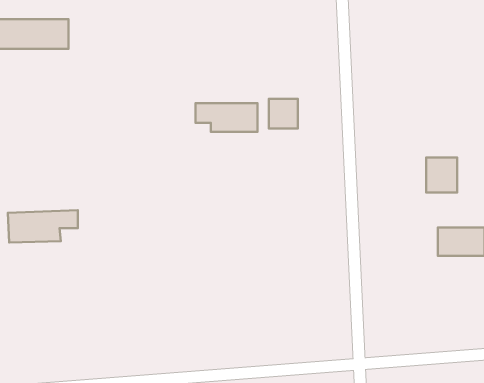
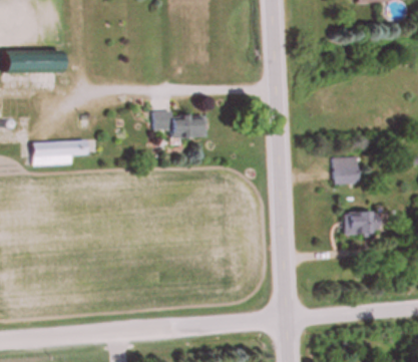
building: [269,99,298,128] -> none
building: [8,210,78,242] -> [31,140,85,165]

